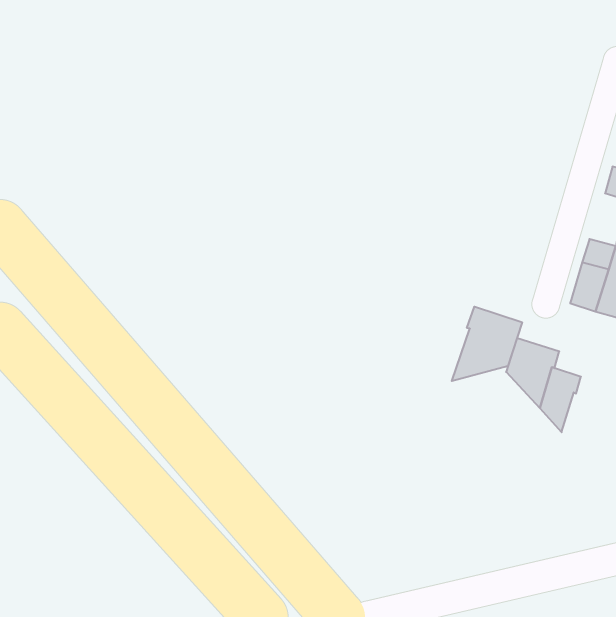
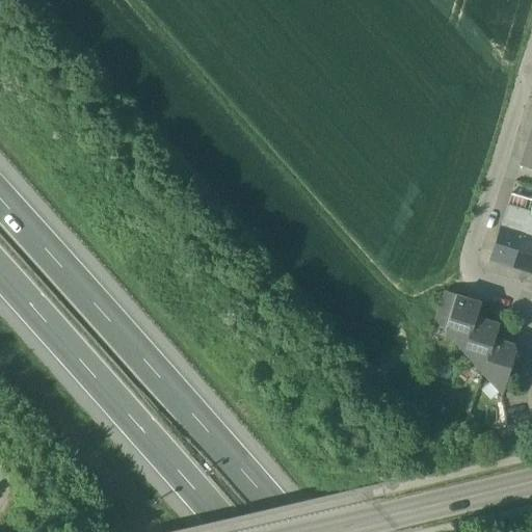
building: [452,307,522,381] -> none
building: none -> [484,338,517,395]

